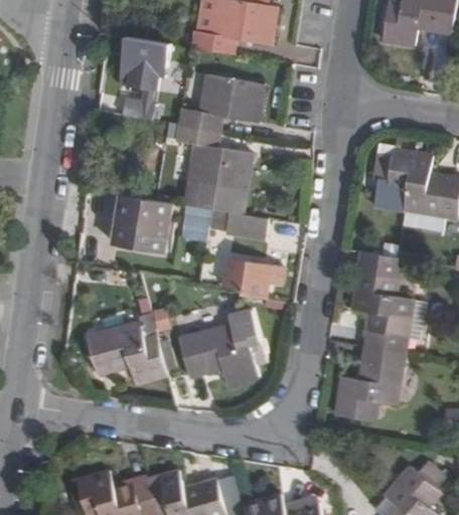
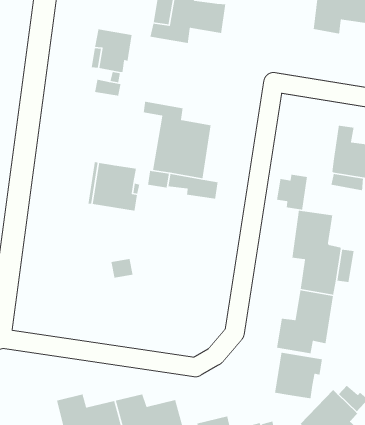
building: [180,73,271,132] -> none
building: [372,149,410,192] -> [276,174,308,210]
building: [221,252,283,294] -> none
building: [181,323,261,398] -> none
building: [86,328,166,389] -> none
building: none -> [274,352,323,399]

